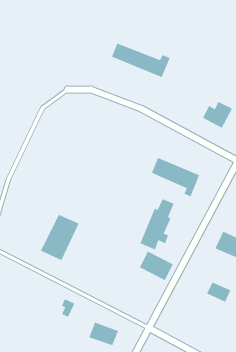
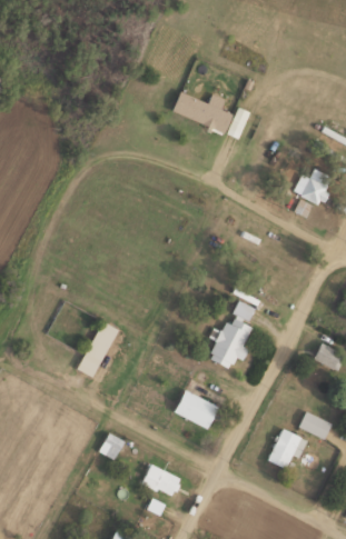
building: [151,157,200,197] -> none
building: [139,251,173,281] -> [172,389,218,429]
building: none -> [265,429,304,469]

